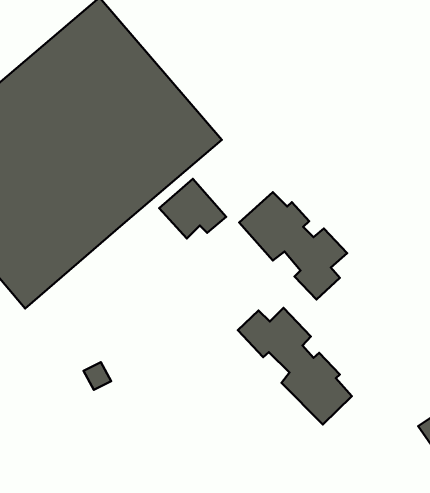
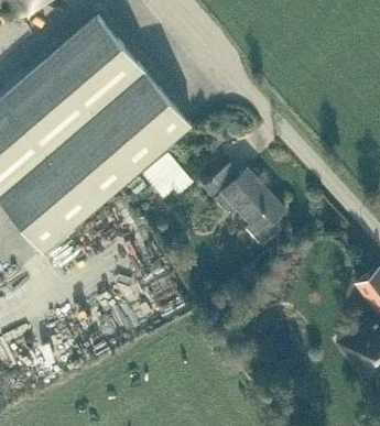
building: [238,308,352,425] -> none

